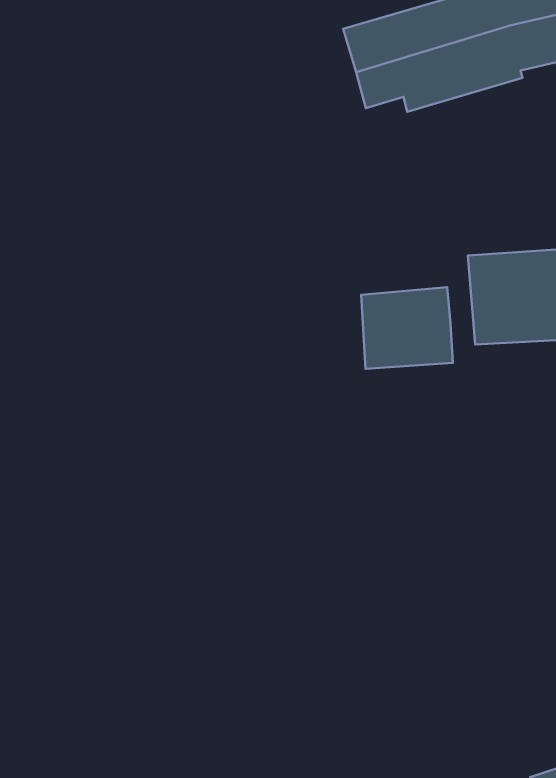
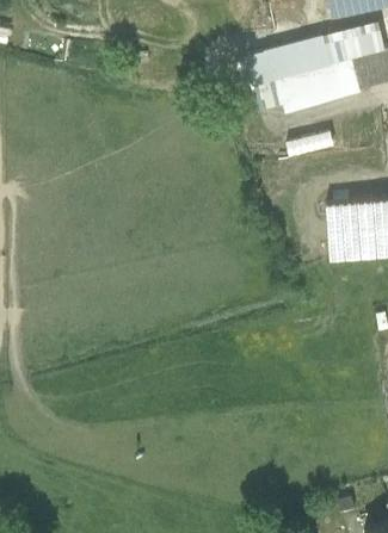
building: [361,287,453,369] -> none

